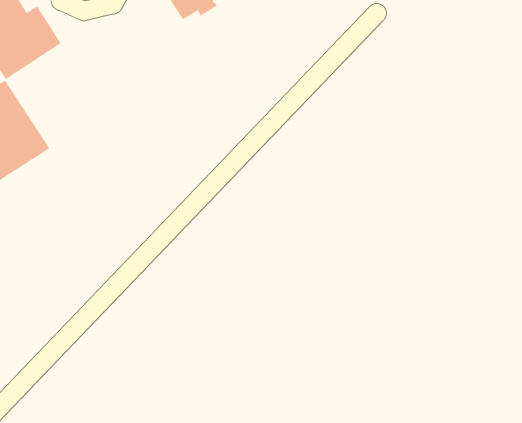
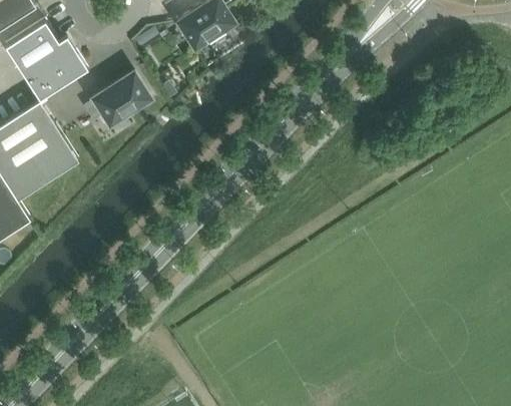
building: none -> [84,74,150,125]

